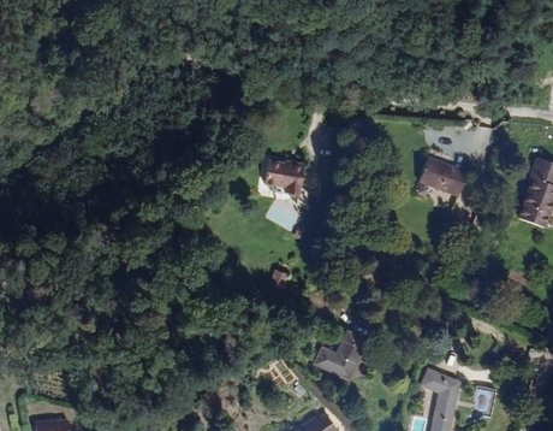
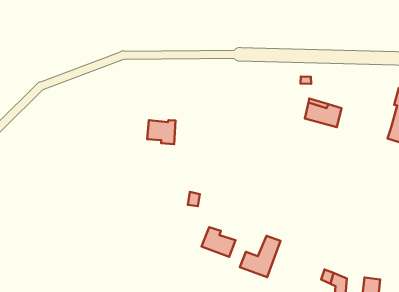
building: [270,166,307,197] -> [147,120,175,144]
building: none -> [202,227,236,257]

